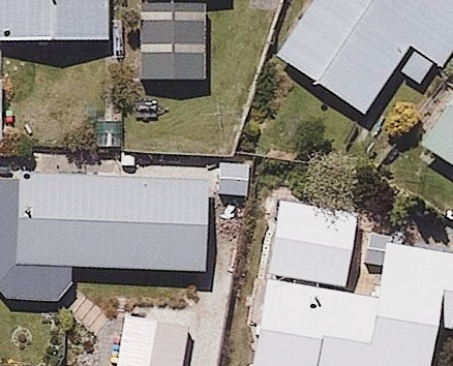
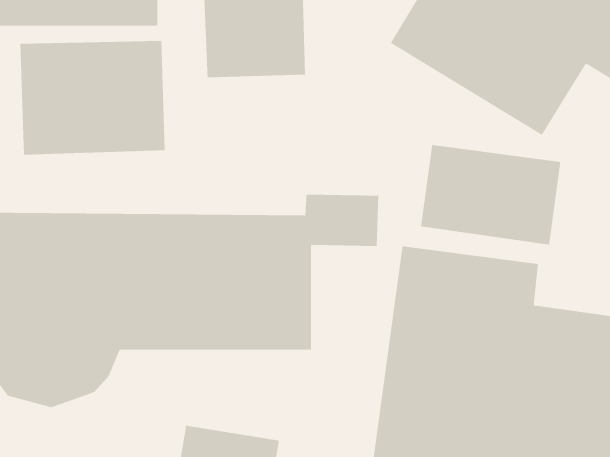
building: none -> [20,40,166,155]
building: none -> [420,144,561,246]

